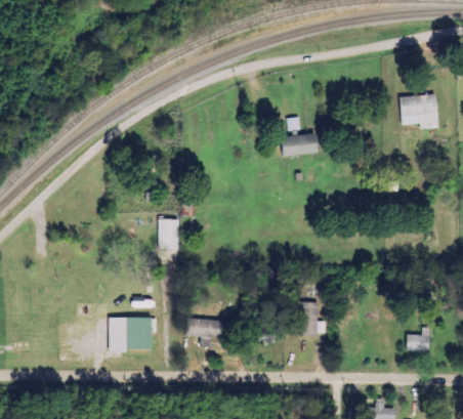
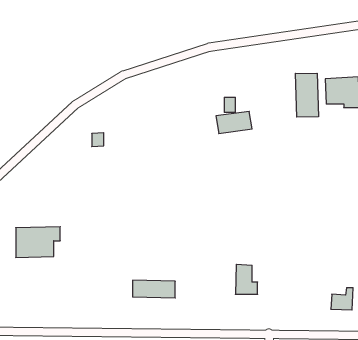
building: none -> [295,73,318,117]
building: [158,218,180,249] -> none
building: [109,317,158,350] -> [16,227,60,257]

